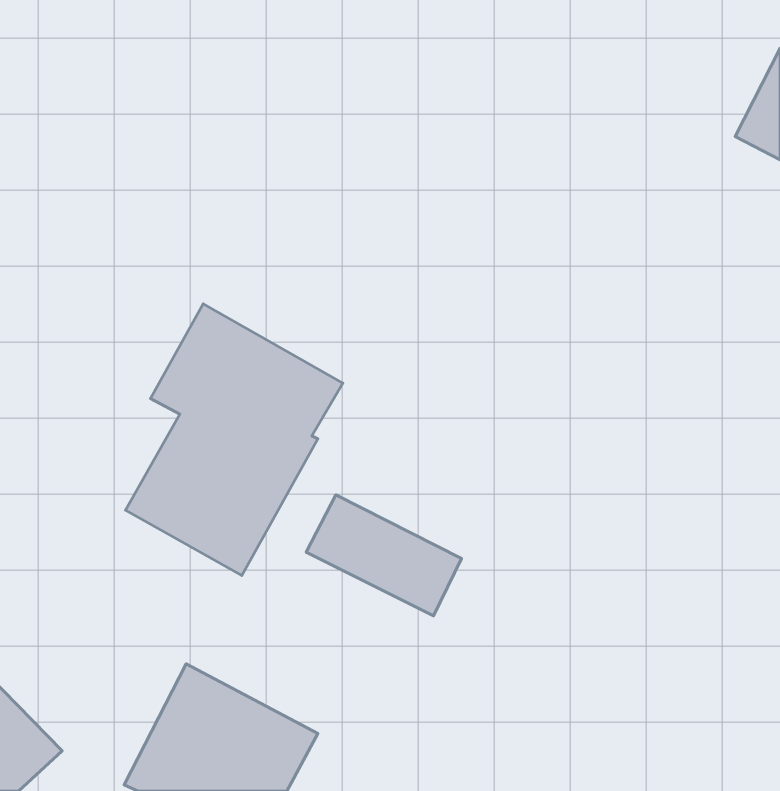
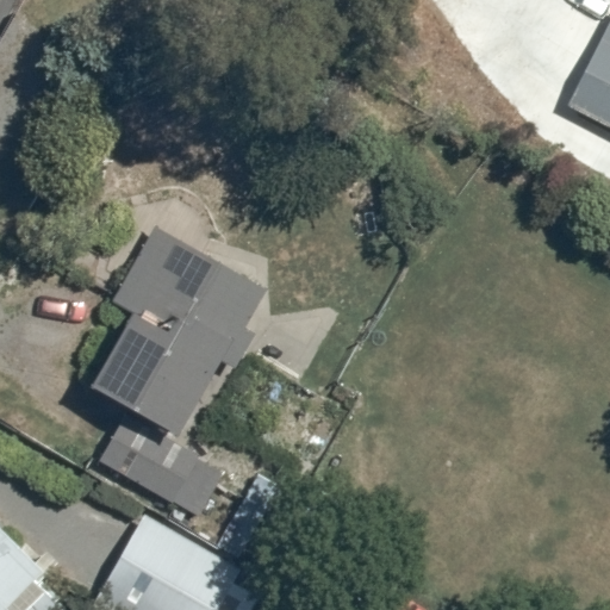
building: [306,495,461,616] -> [101,422,220,515]

